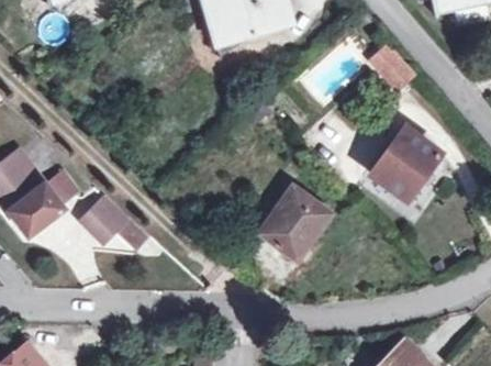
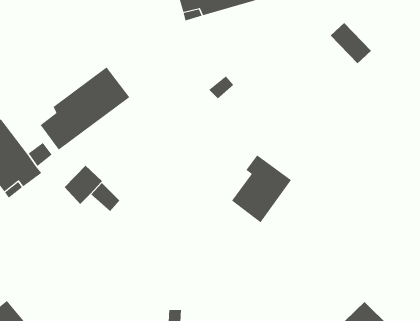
building: none -> [40,67,130,151]
building: [372,129,439,200] -> none

